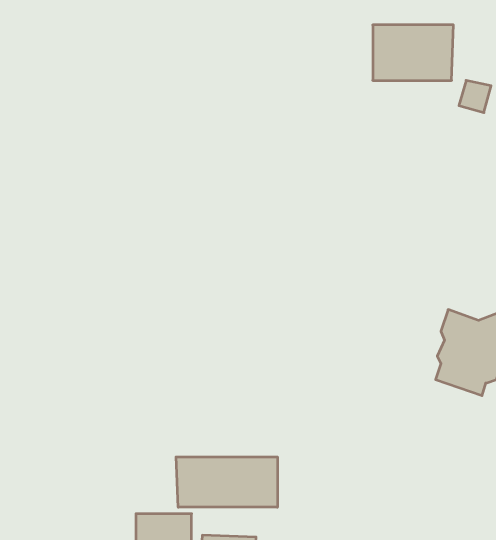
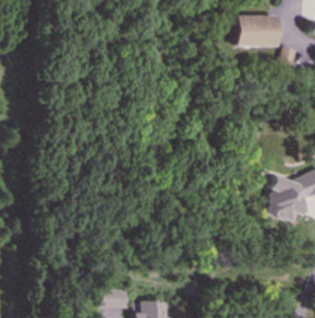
building: [176,457,277,507] -> none

